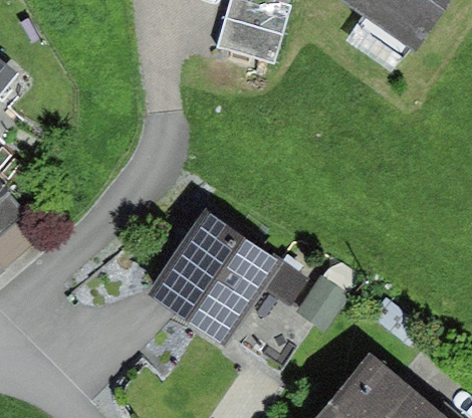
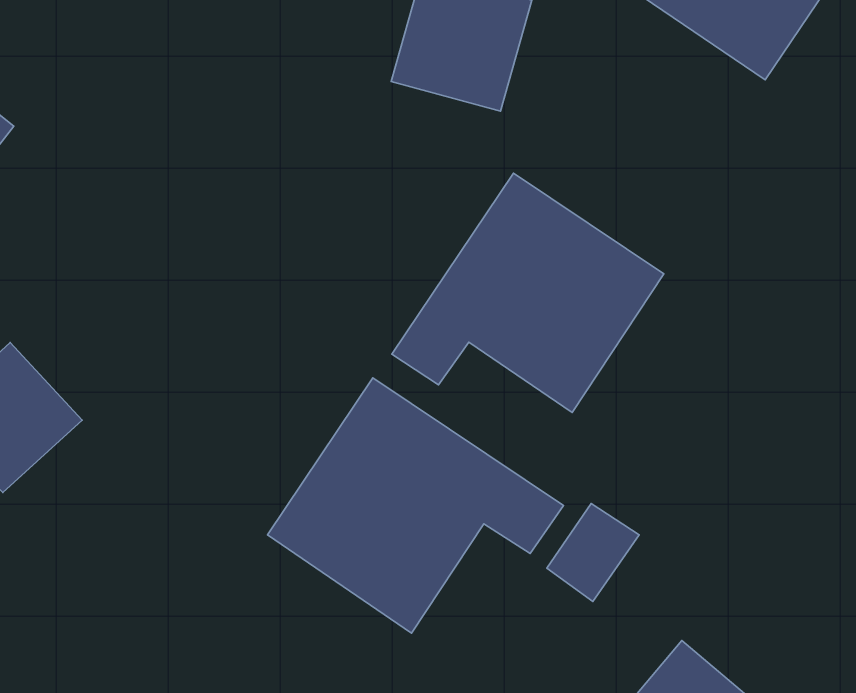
building: none -> [392,173,664,412]

